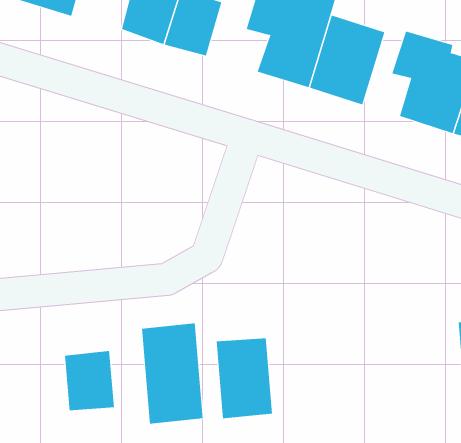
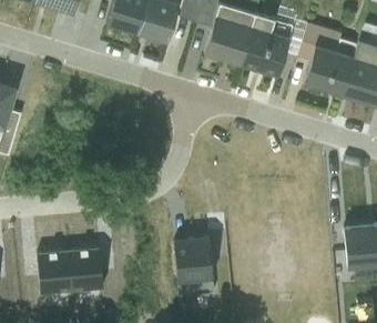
building: [142,323,203,424] -> none
building: none -> [38,251,72,293]

